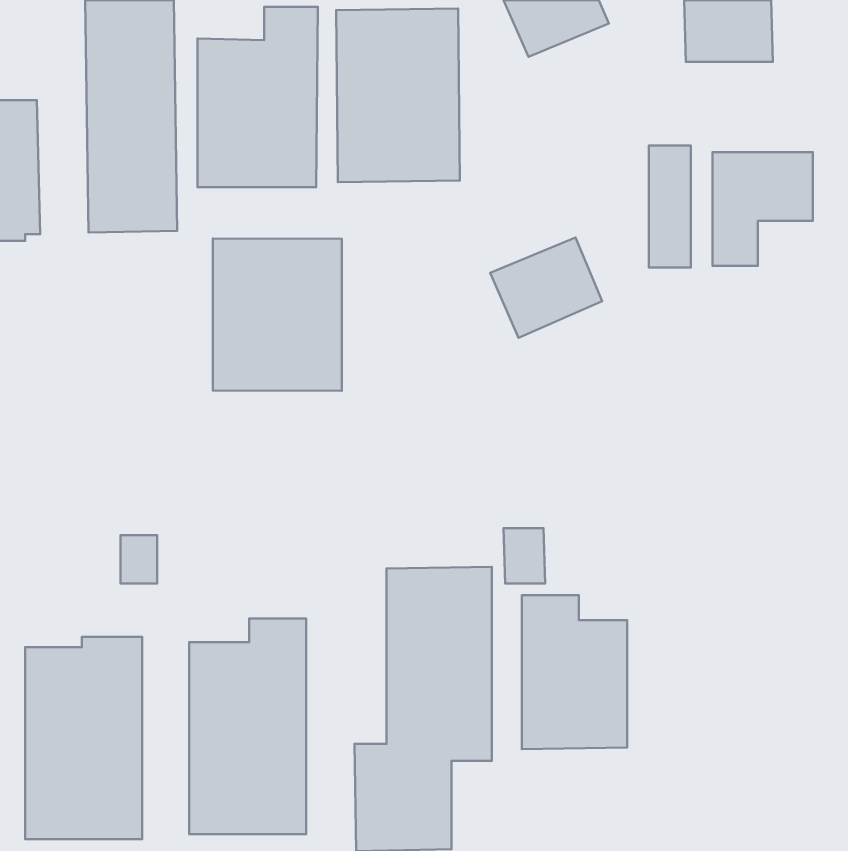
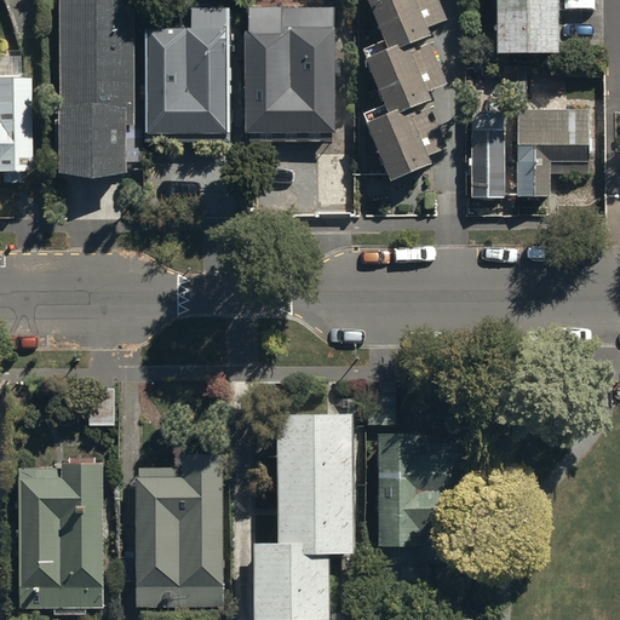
building: none -> [364,36,443,108]
building: [490,238,602,338] -> [362,101,443,173]
building: [213,238,342,391] -> none

